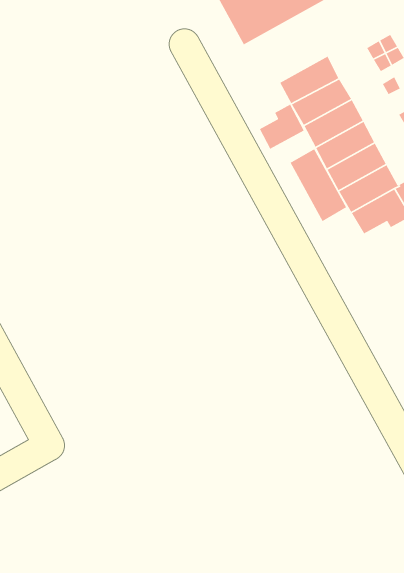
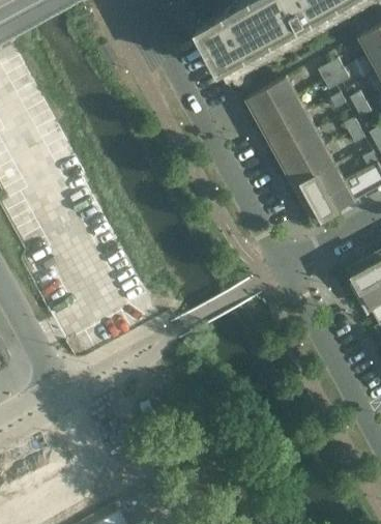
building: [259,104,305,150] -> none
building: [289,148,347,222] -> none

